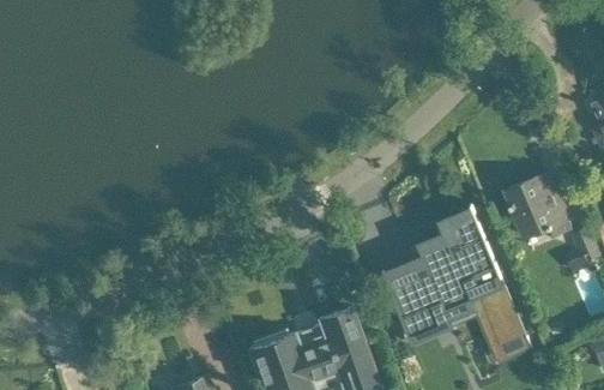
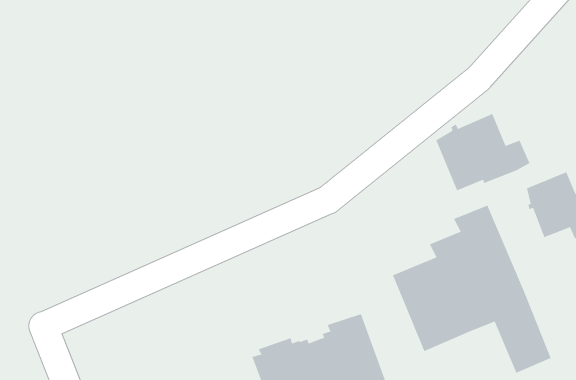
building: none -> [436,113,530,191]

